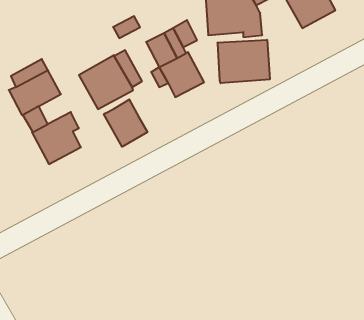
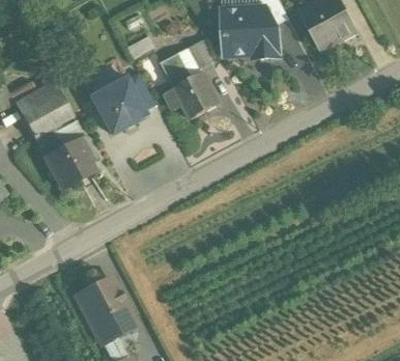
building: [217,40,270,83] -> none
building: [104,99,147,147] -> none
building: none -> [78,281,135,342]

